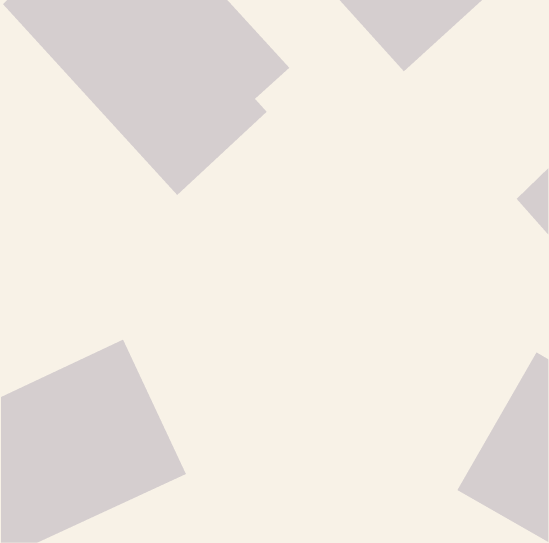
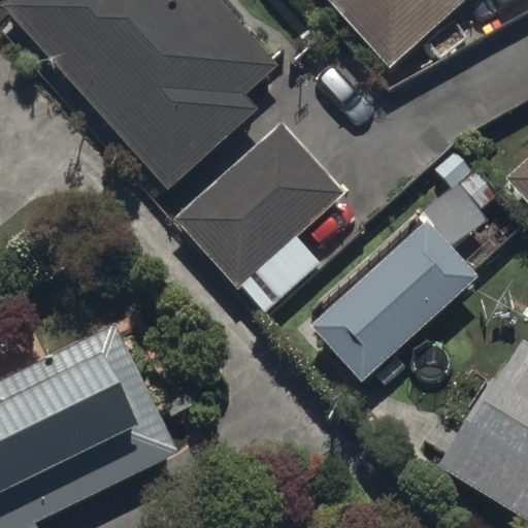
building: none -> [174,119,348,314]
building: none -> [310,210,484,383]

